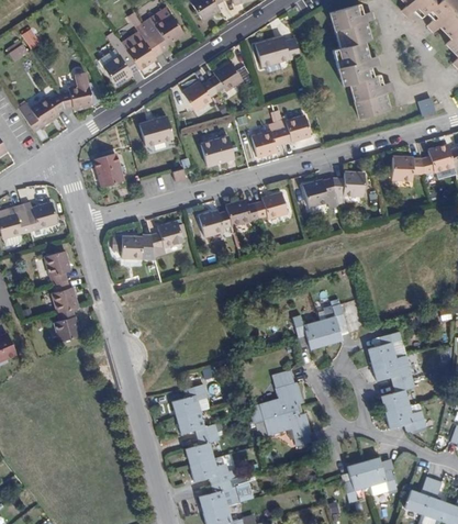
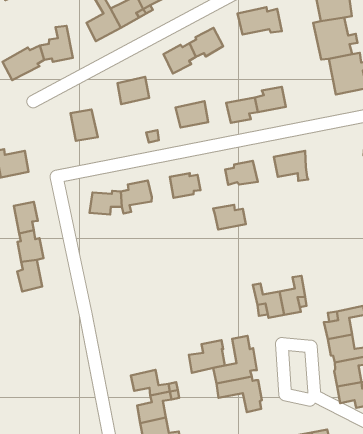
building: [334,172,365,204] -> none
building: [225,200,259,226] -> [213,205,246,230]
building: [172,383,210,419] -> [189,340,225,373]

